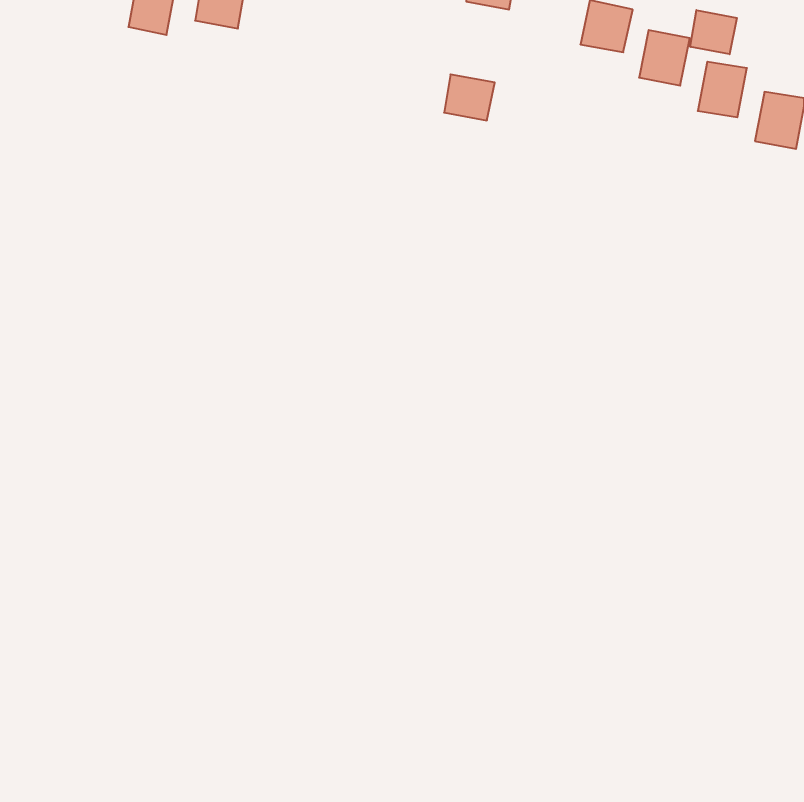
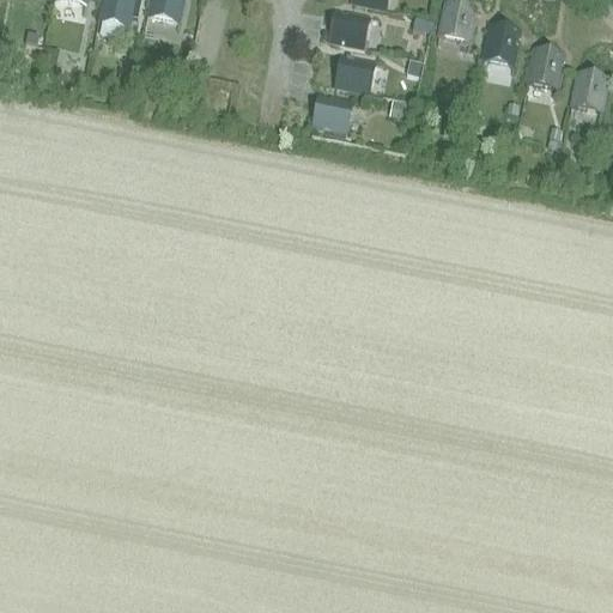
building: [690,10,737,54] -> none
building: none -> [329,8,369,47]
building: none -> [312,95,351,132]

